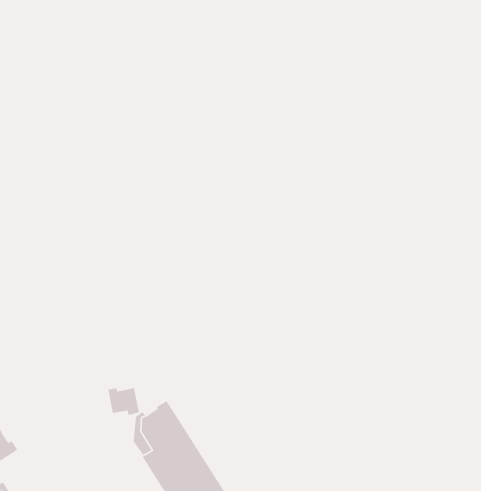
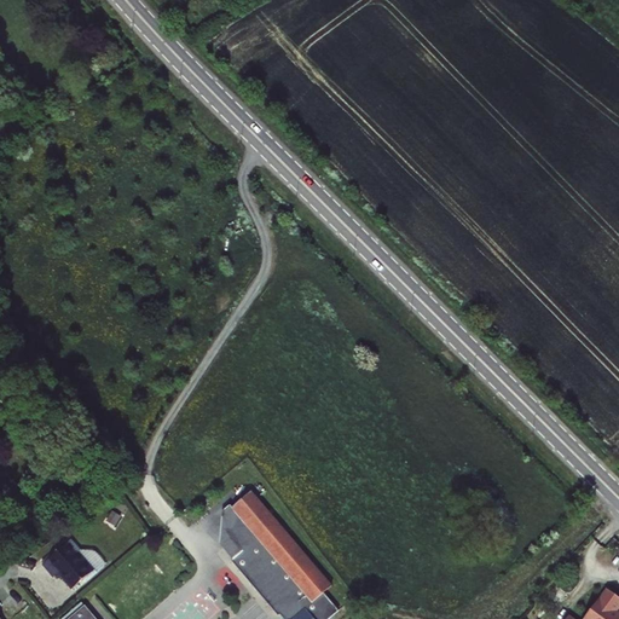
building: [108,387,140,416] -> none

